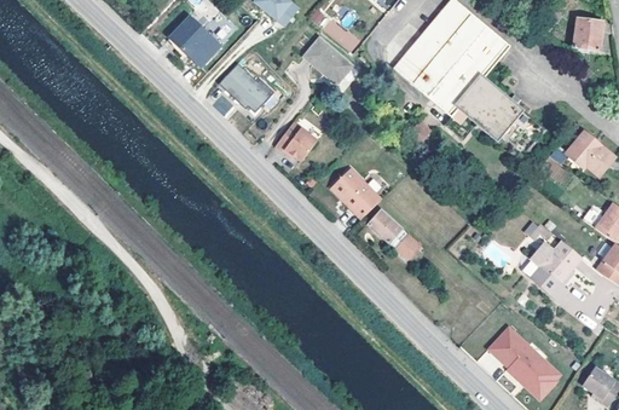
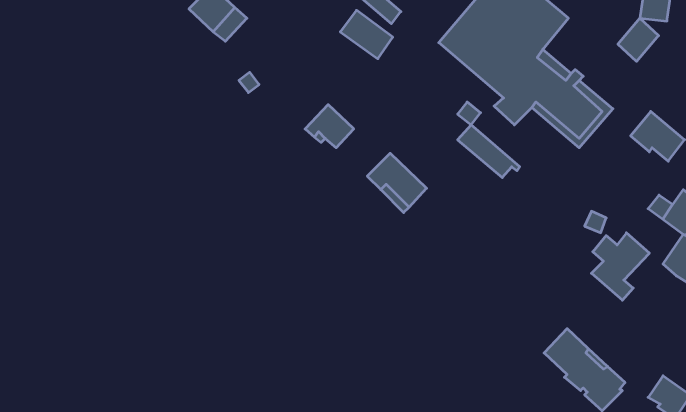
building: none -> [618,18,659,61]
building: [219,63,274,114] -> none
building: [369,210,424,258] -> [458,125,520,178]

